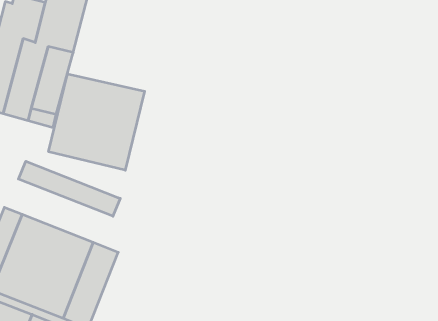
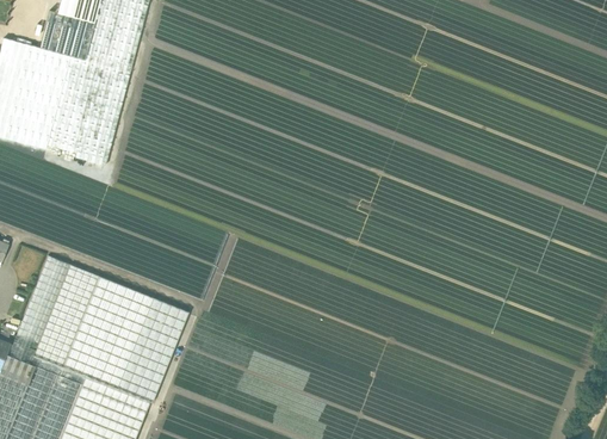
building: [49,74,145,170] -> none
building: [18,161,120,216] -> none

